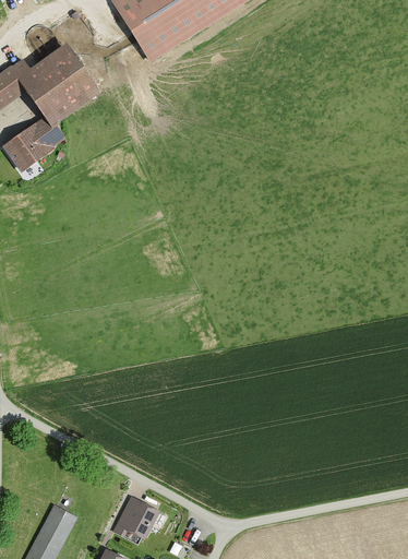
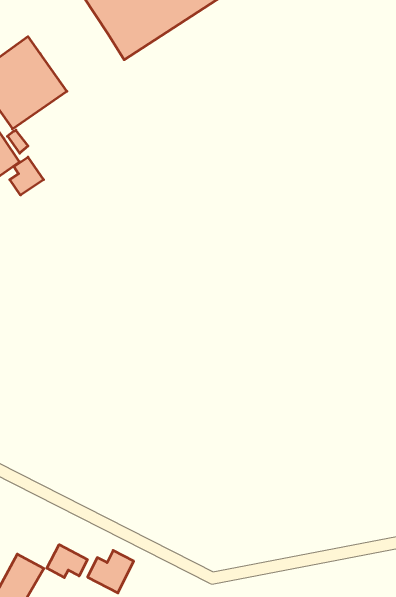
building: none -> [10,157,44,195]
building: none -> [47,545,87,578]

